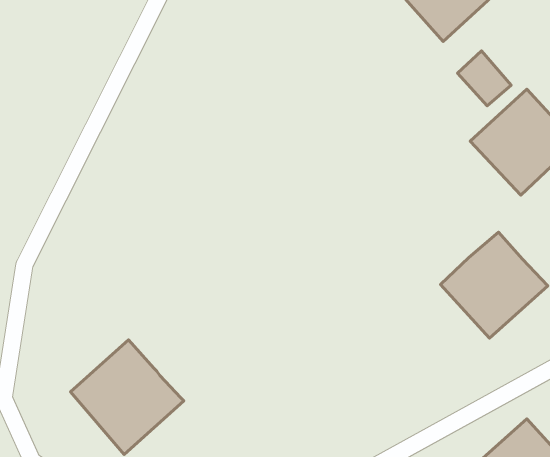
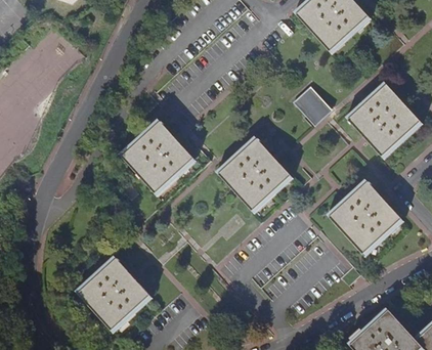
building: [457,51,511,106] -> [294,85,331,123]
building: none -> [120,120,193,192]
building: none -> [218,137,292,210]

